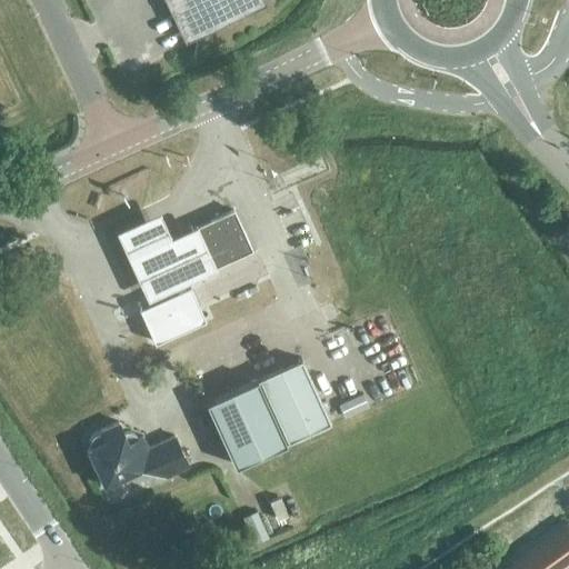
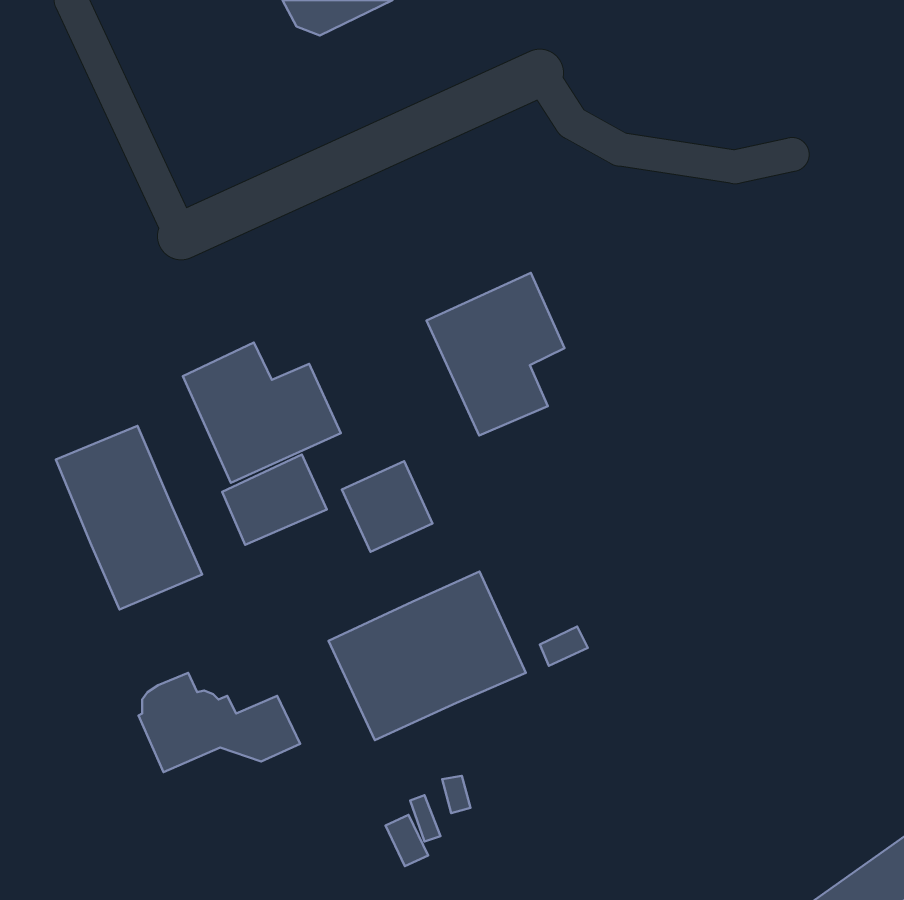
building: none -> [426,273,565,436]
building: [196,213,252,270] -> [342,461,433,552]
building: none -> [56,426,202,610]

